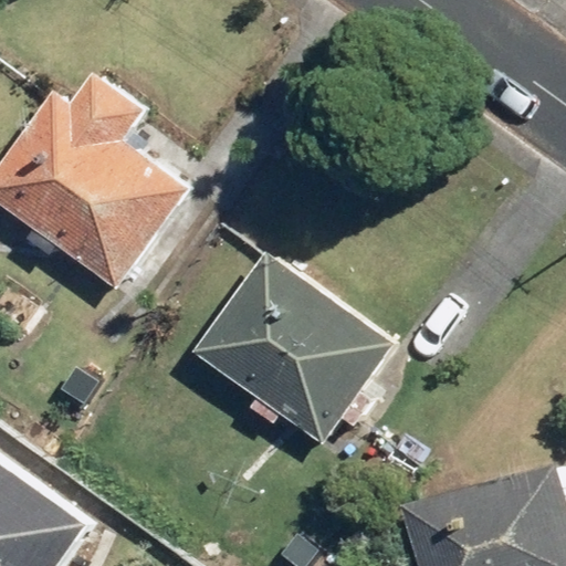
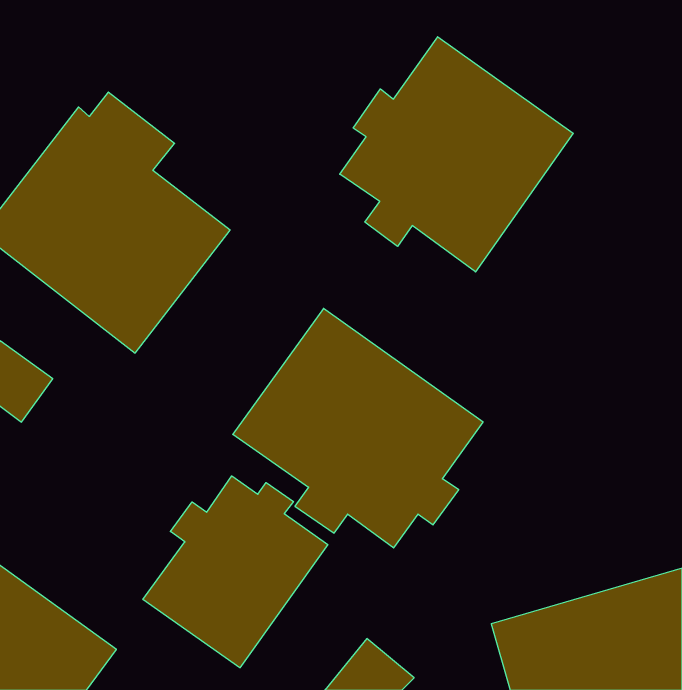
building: none -> [340,37,573,272]
building: none -> [143,476,328,668]

